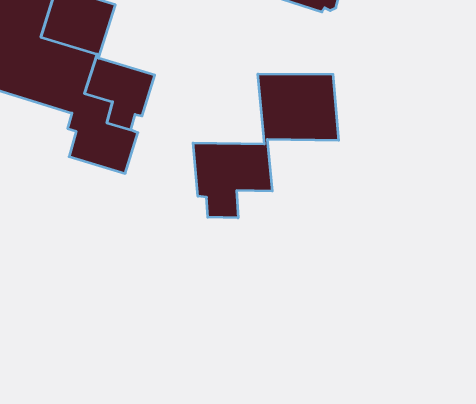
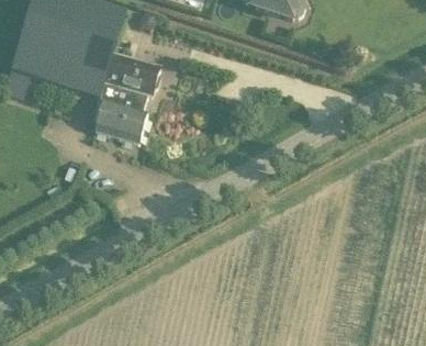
building: [193,74,339,218] -> none

